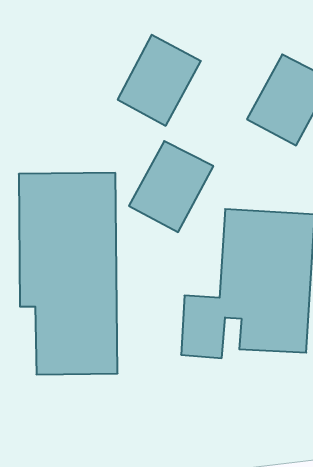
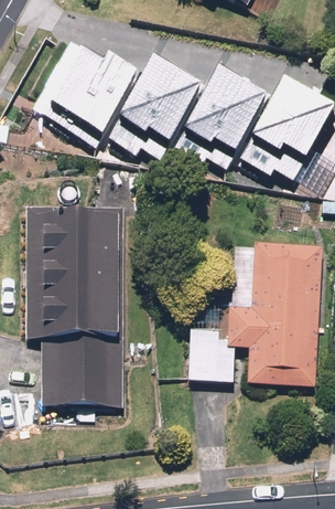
building: none -> [47,43,140,139]
building: [129,141,213,232] -> [188,73,273,165]

